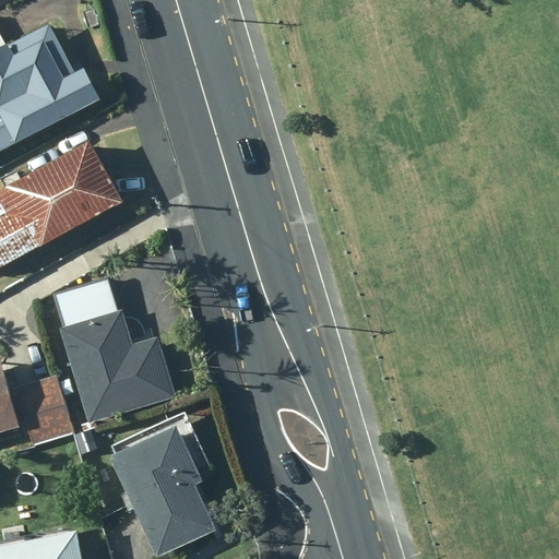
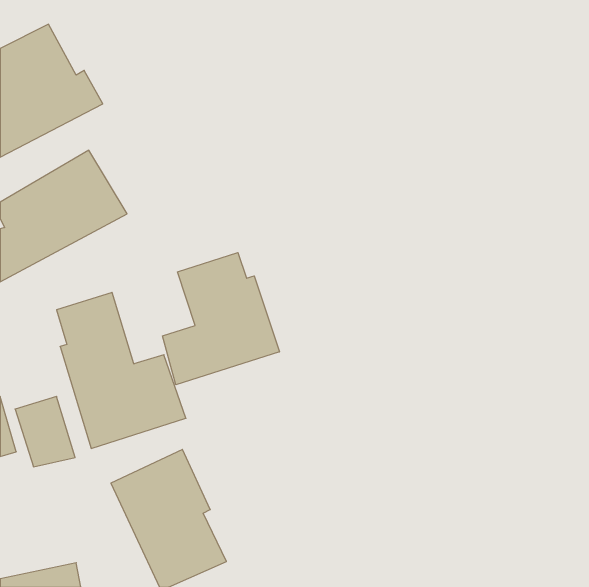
building: none -> [162,253,279,385]

